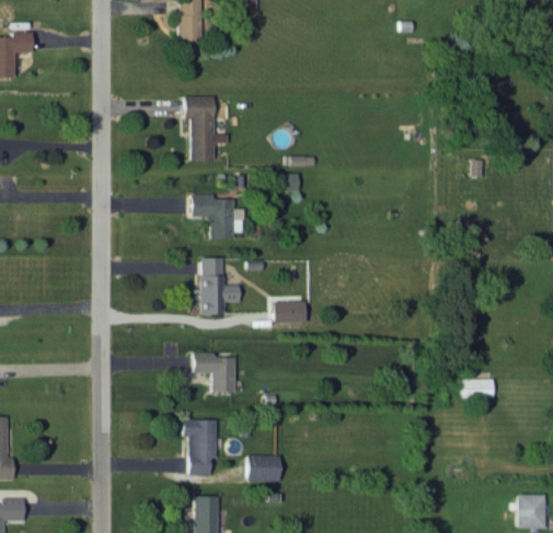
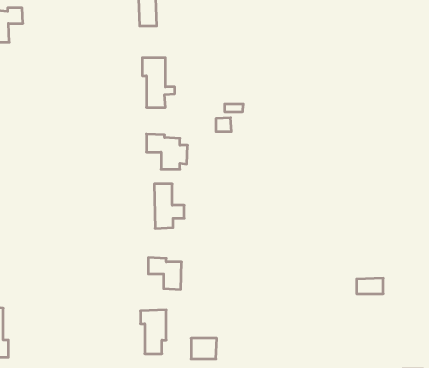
building: [273,299,306,322] -> none

